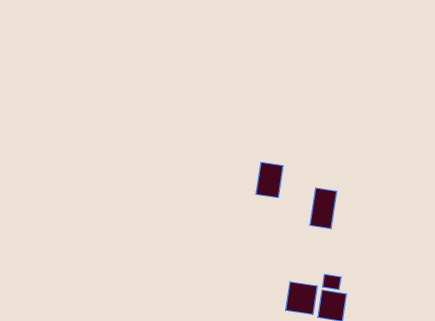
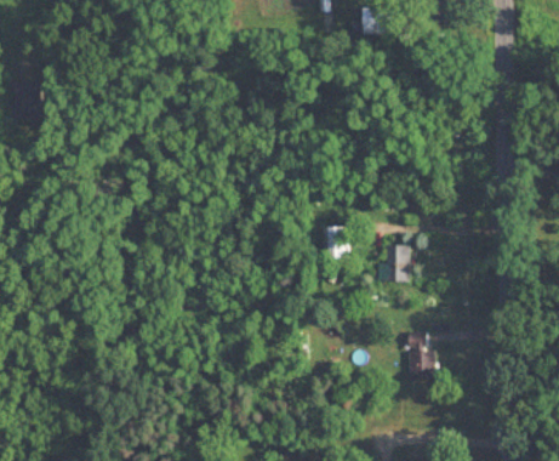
building: [286,282,317,315] -> none

